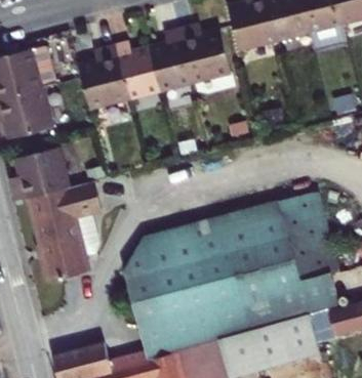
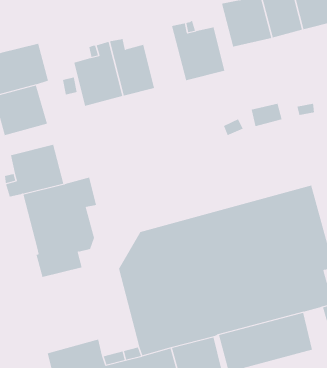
building: [149,30,191,92] -> none

